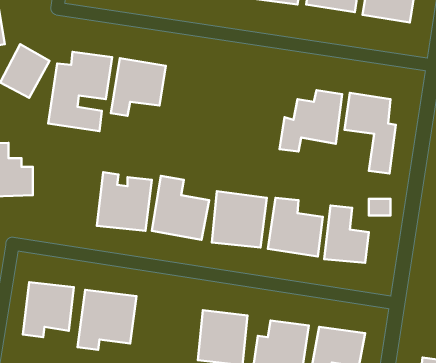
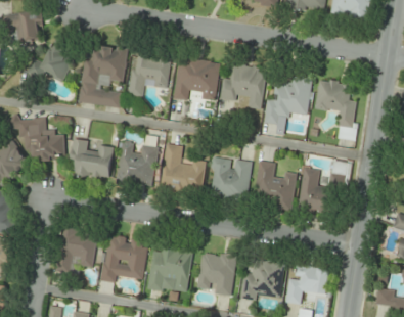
building: none -> [173,55,221,104]
building: none -> [220,63,267,109]
building: none -> [71,139,115,180]
building: none -> [148,246,193,287]

